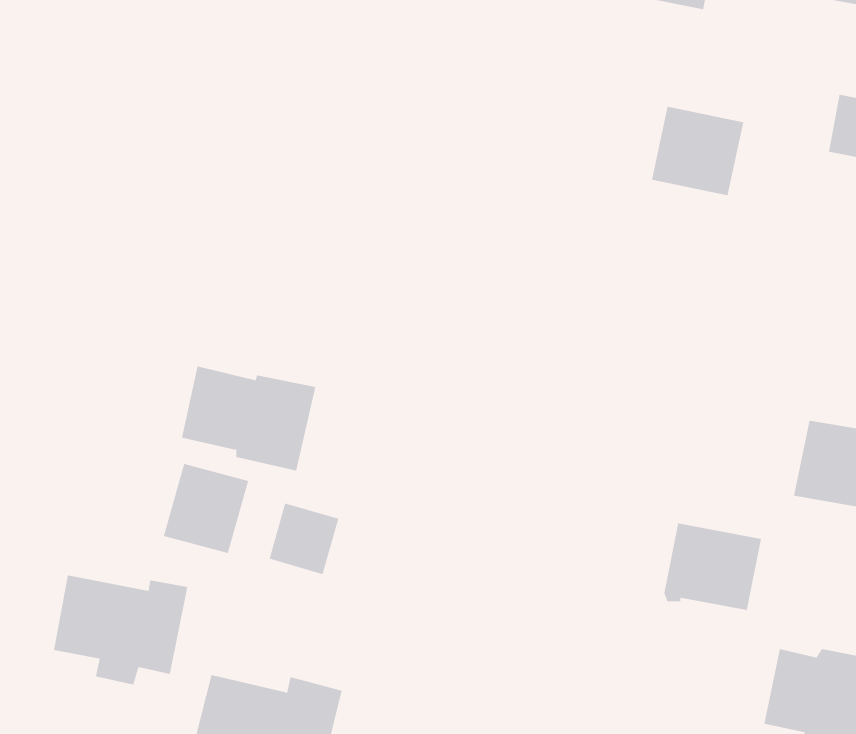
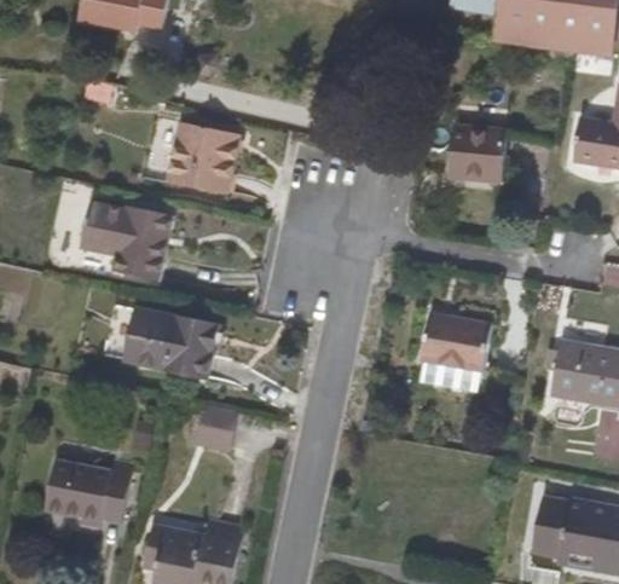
building: none -> [174,123,248,196]
building: none -> [83,200,175,279]
building: [163,463,249,554] -> none
building: [663,523,762,611] -> [426,313,493,374]

